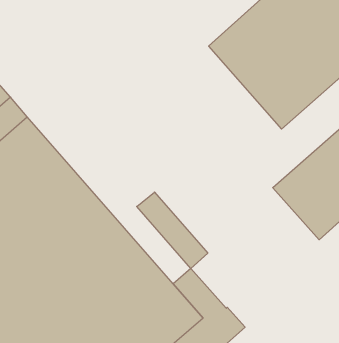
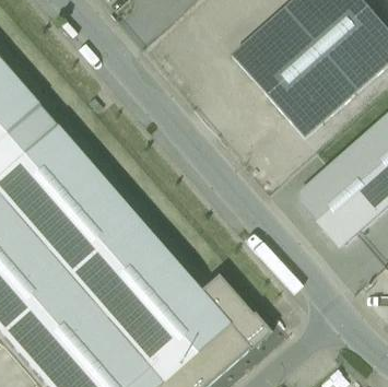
building: [137,192,208,269] -> none

